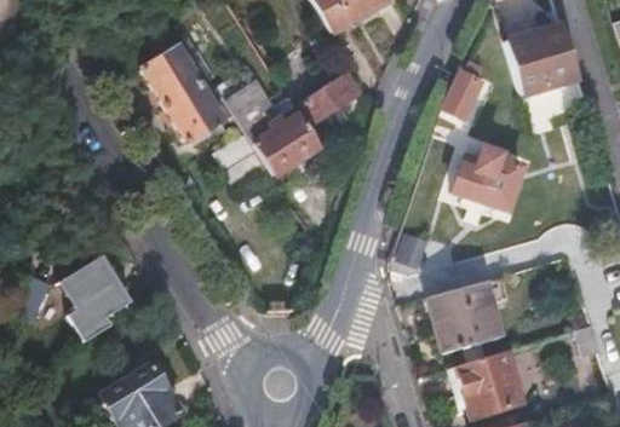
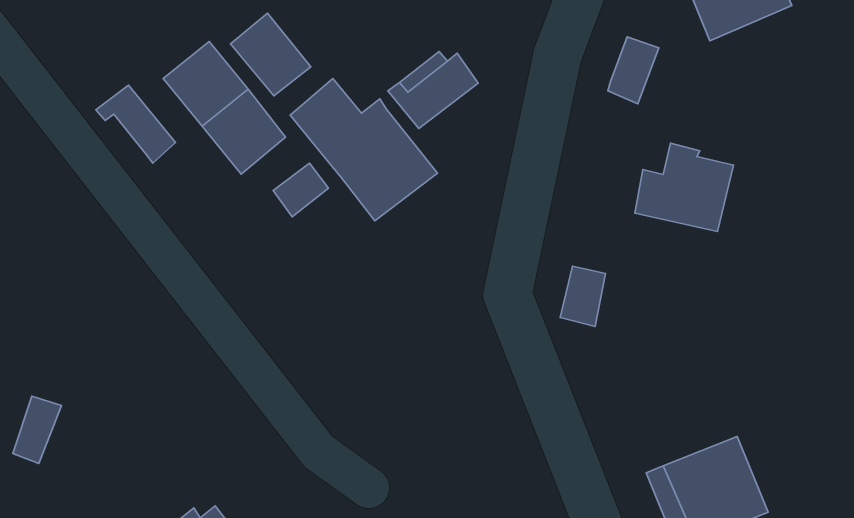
building: none -> [230,13,311,96]
building: none -> [96,85,176,163]
building: [64,260,125,322] -> none
building: [432,283,503,354] -> none

